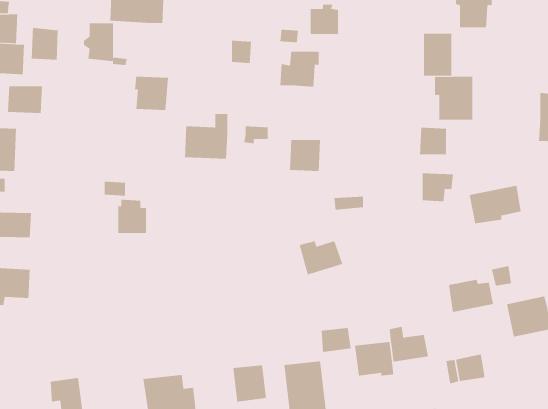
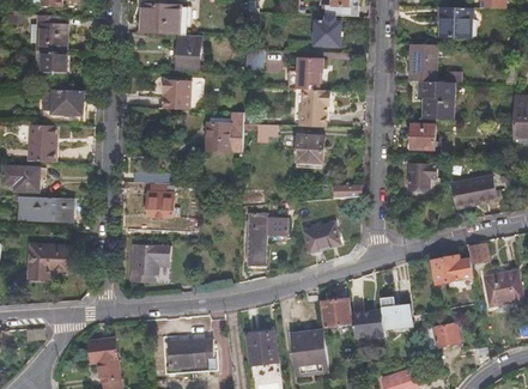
building: [83,23,128,66] -> [172,35,211,72]
building: [31,27,58,60] -> none
building: none -> [297,89,329,126]
building: none -> [248,211,287,266]
building: none -> [131,245,159,284]

